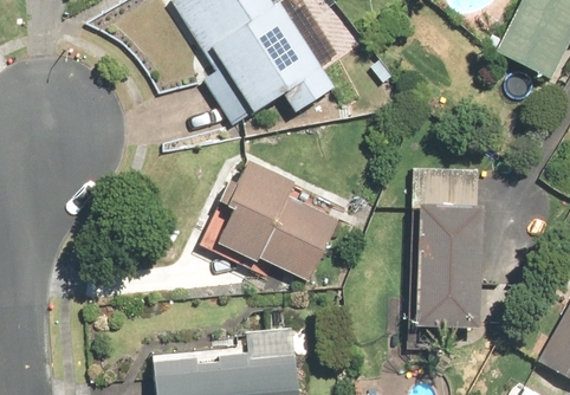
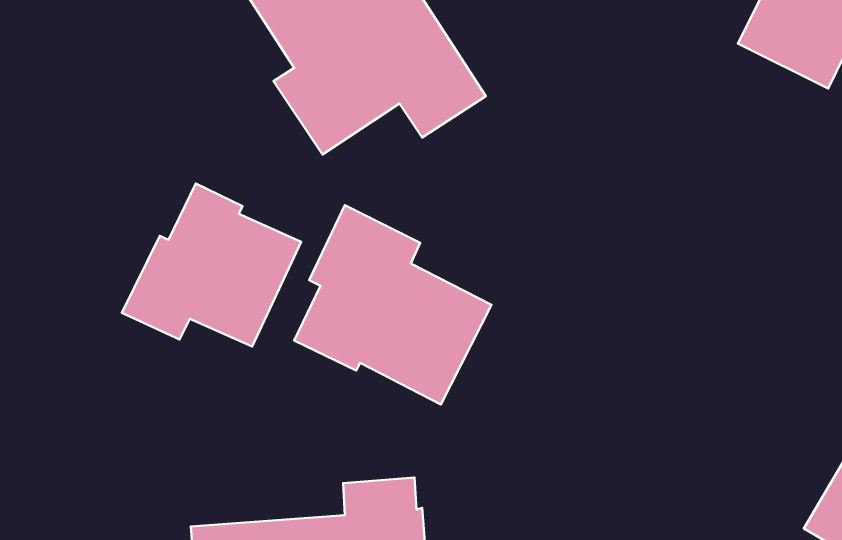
building: none -> [122,184,301,347]
building: [414,169,481,326] -> none

